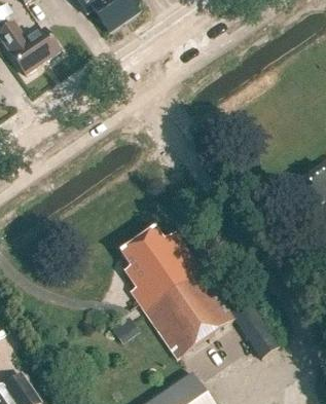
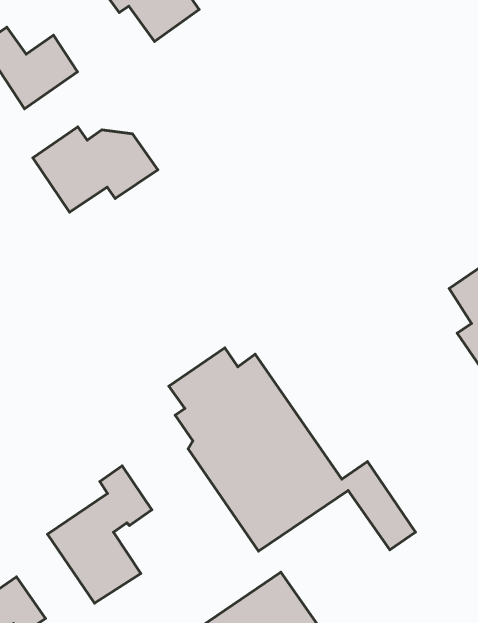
building: none -> [33,127,158,212]
building: none -> [48,466,152,603]

